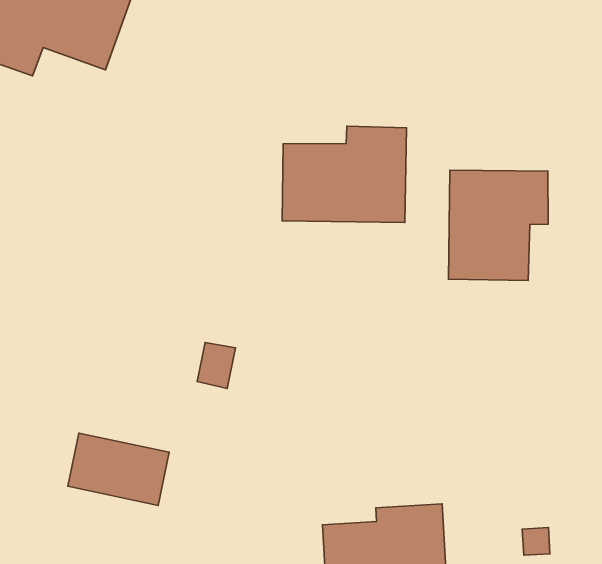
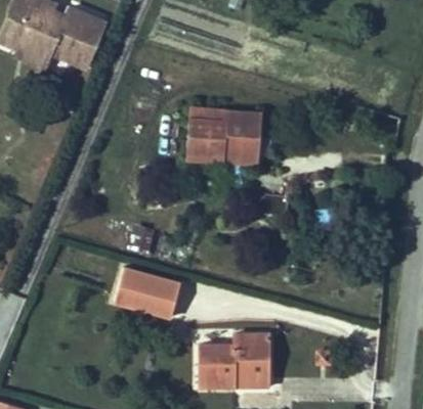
building: [448,170,548,281] -> none
building: [68,433,169,505] -> [120,276,180,321]

